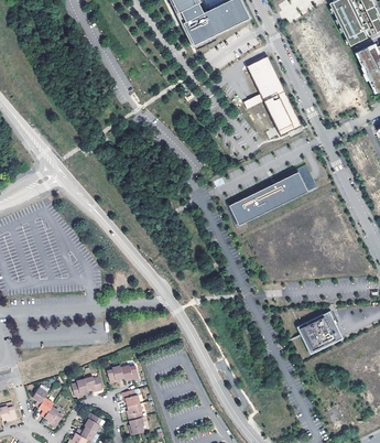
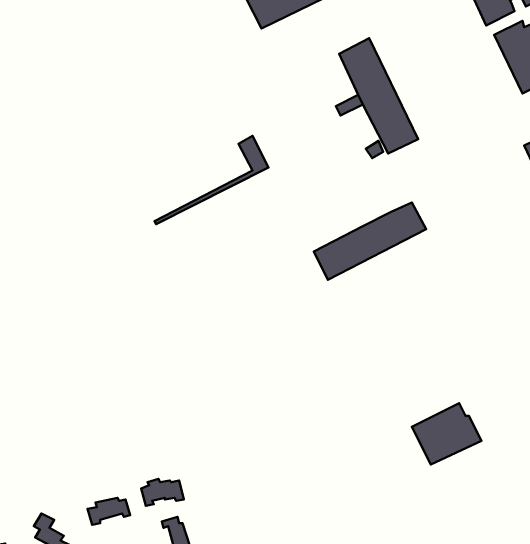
building: [238,164,317,226] -> [155,136,268,224]

